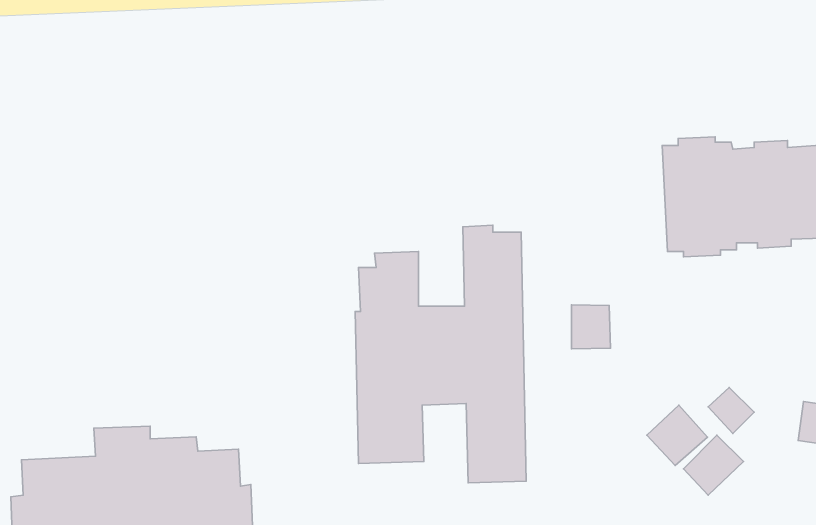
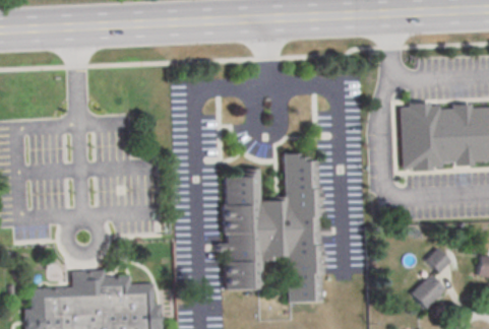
building: [571,305,610,349] -> none
building: [647,405,707,465] -> none

